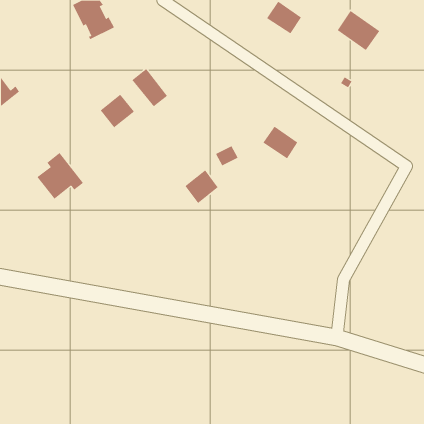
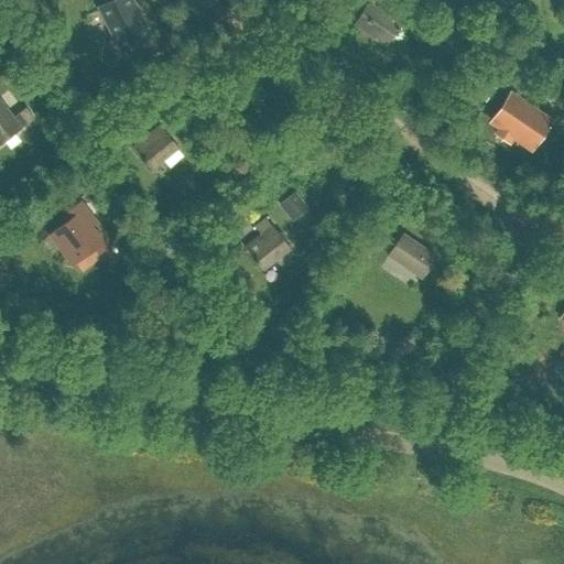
building: [337,10,380,51] -> [492,95,550,149]
building: [131,68,168,107] -> none
building: [262,126,298,159] -> [389,235,436,279]

